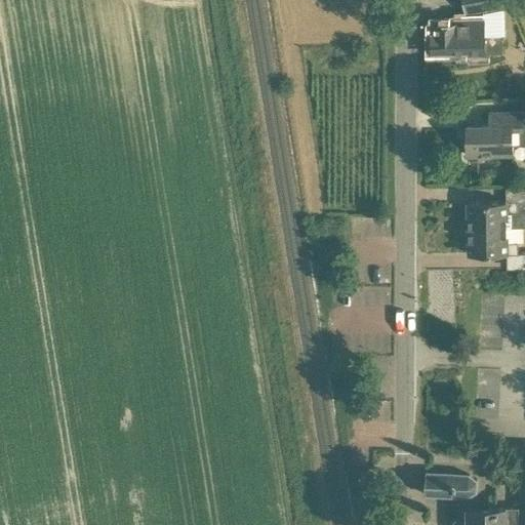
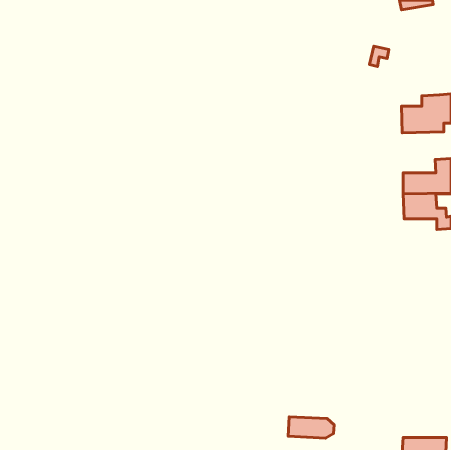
building: [430,19,501,57] -> none
building: [422,474,476,498] -> [288,417,334,438]

